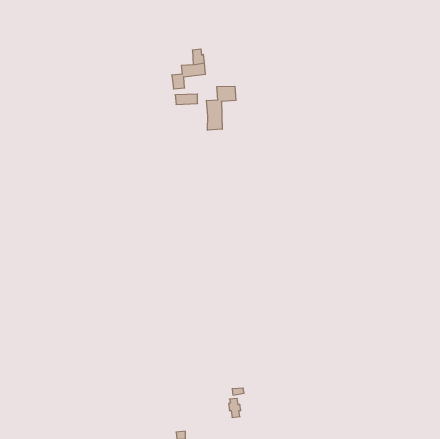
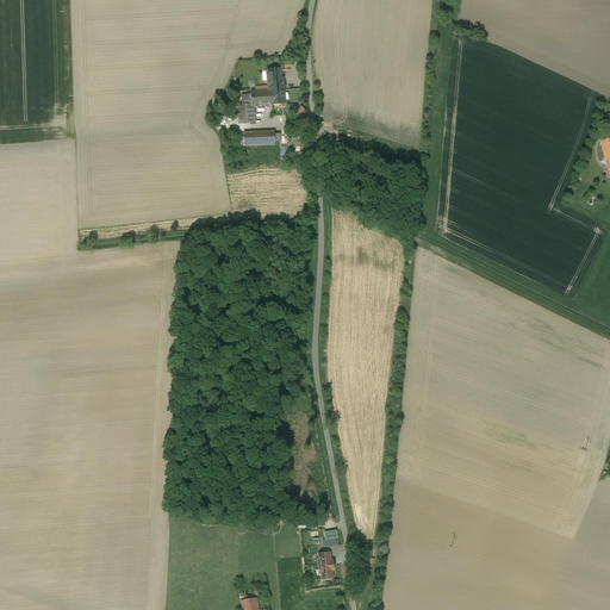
building: [206,86,236,130] -> none

